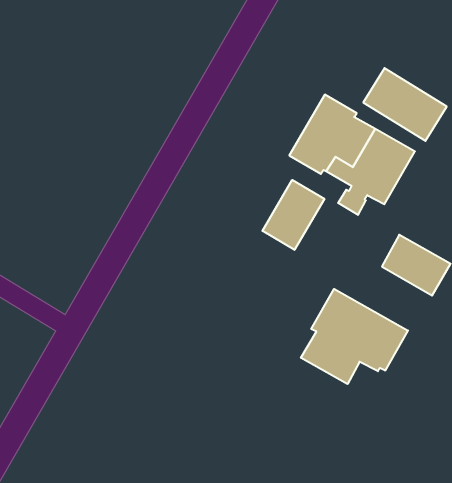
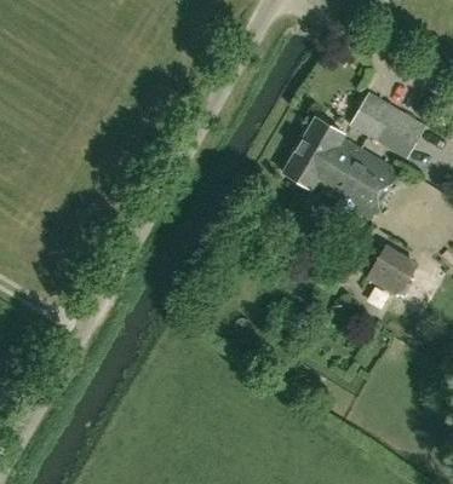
building: [262,180,324,250] -> none
building: [301,289,408,384] -> none

